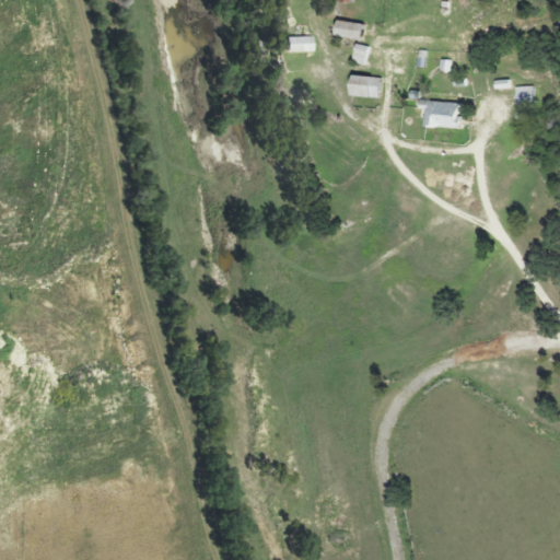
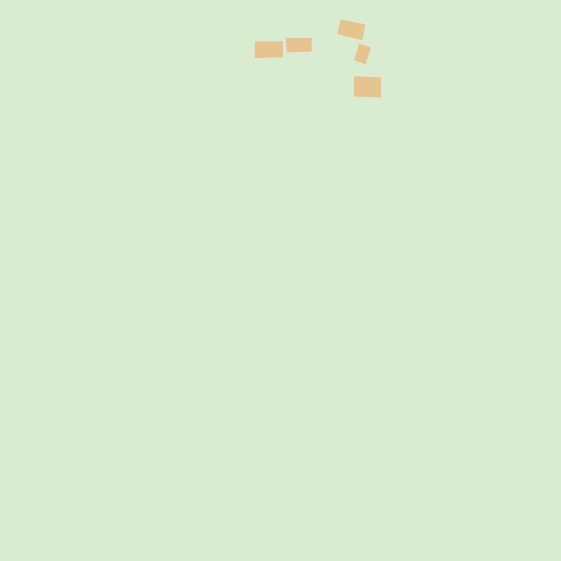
building: none -> [254,41,284,59]
building: [419,101,459,127] -> none

